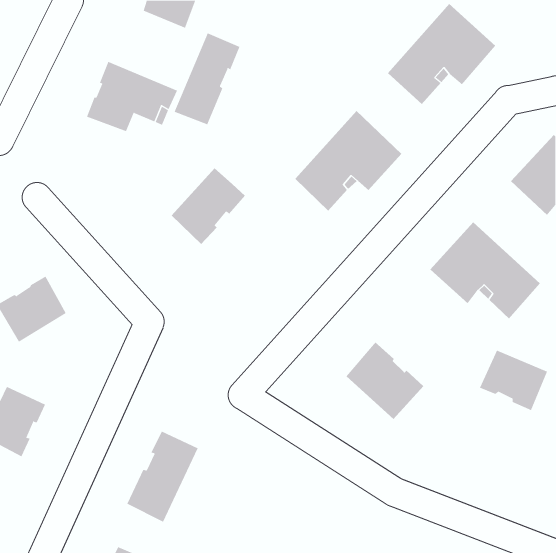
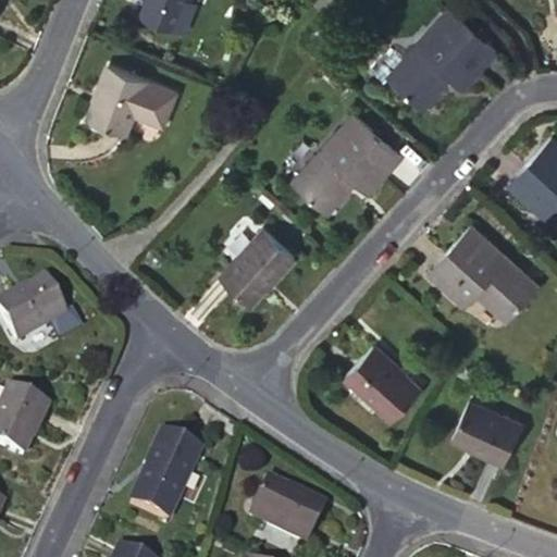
building: [174,33,240,125] -> none
building: [171,168,246,245] -> [221,230,296,307]
building: [479,350,548,411] -> [453,403,521,463]
building: none -> [246,481,320,545]

